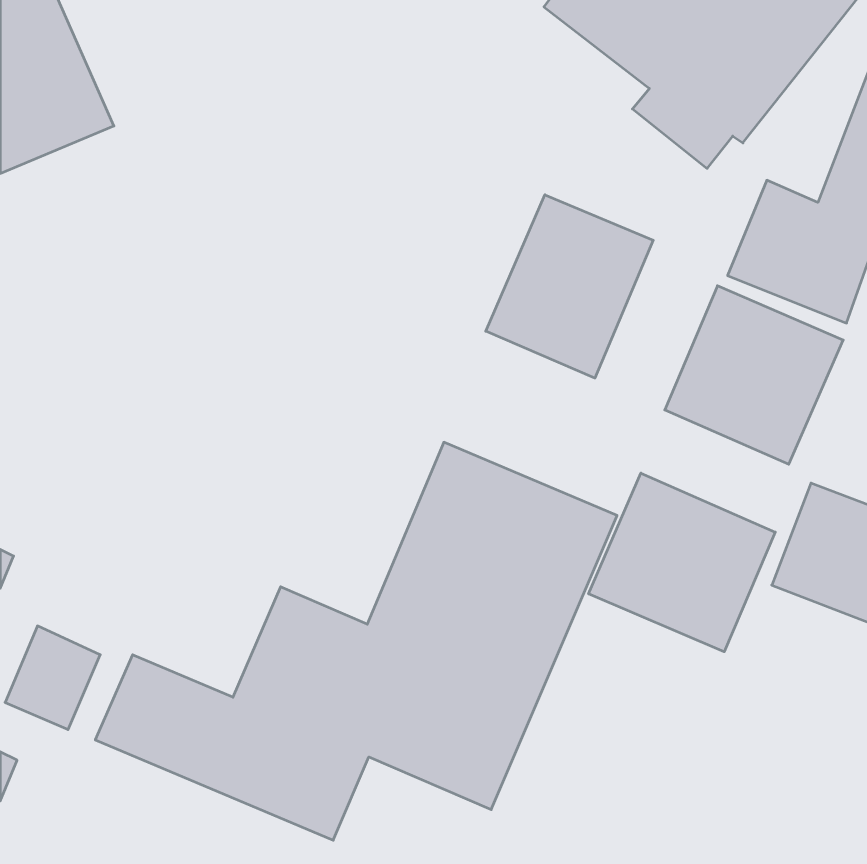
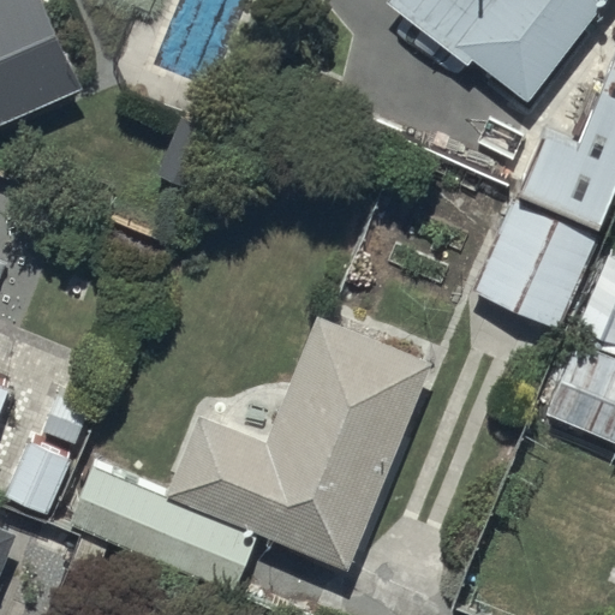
building: [486,195,653,378] -> none
building: [589,473,775,652] -> none

